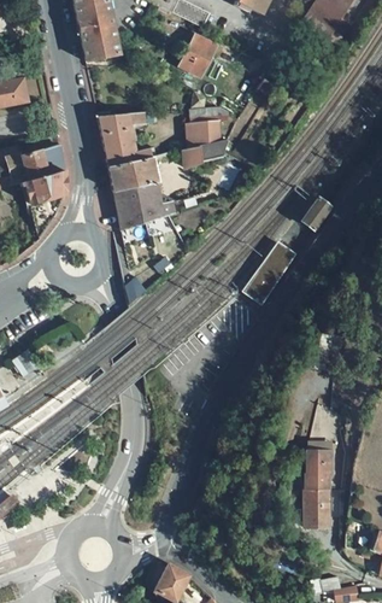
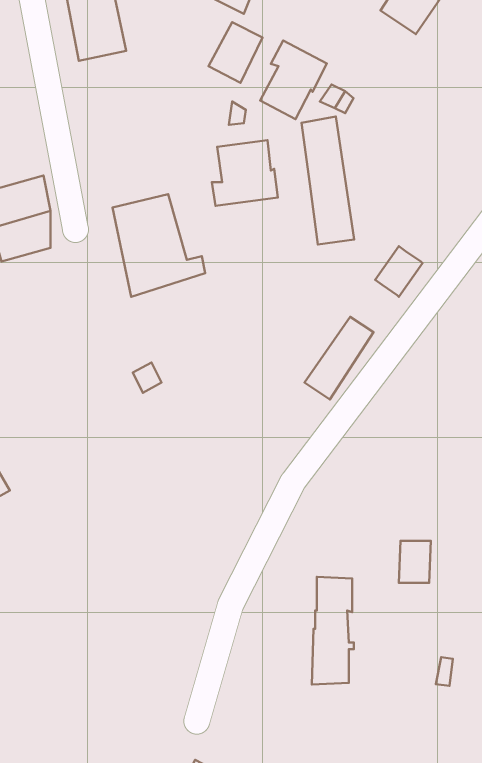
building: none -> [260,41,327,119]
building: none -> [302,117,354,244]
building: [98,111,149,166] -> none
building: [304,450,334,527] -> [312,577,354,685]

